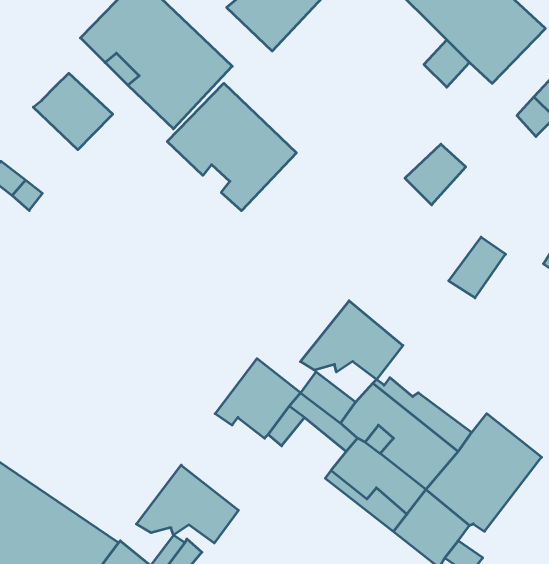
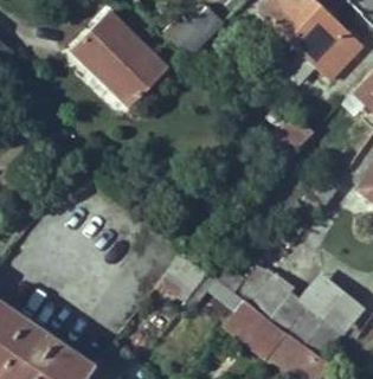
building: [33,73,113,150] -> none
building: [167,83,296,211] -> none
building: [300,301,403,379] -> none
building: [136,465,238,543] -> none

